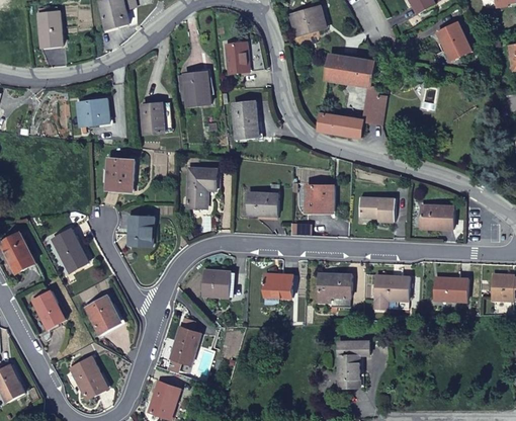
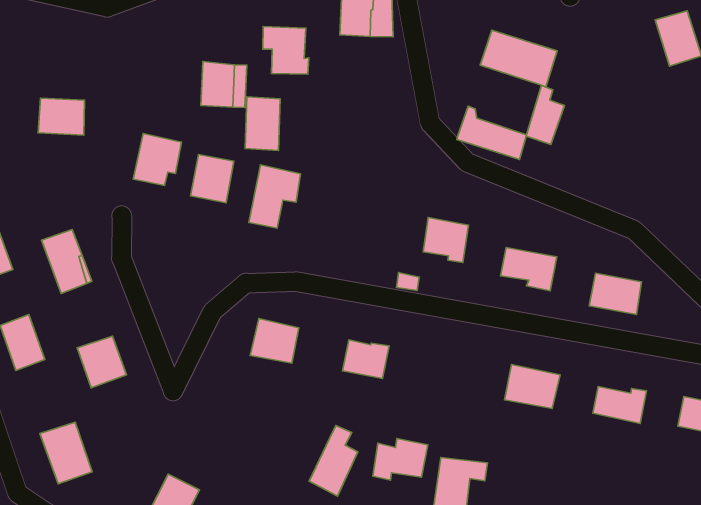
building: [78,99,110,125] -> [38,98,84,135]
building: [233,101,259,138] -> [245,97,280,151]
building: [247,184,279,216] -> none
building: [128,216,154,245] -> [191,154,234,203]
building: [318,273,351,302] -> [373,438,428,480]
building: [171,318,200,364] -> [309,426,358,496]

